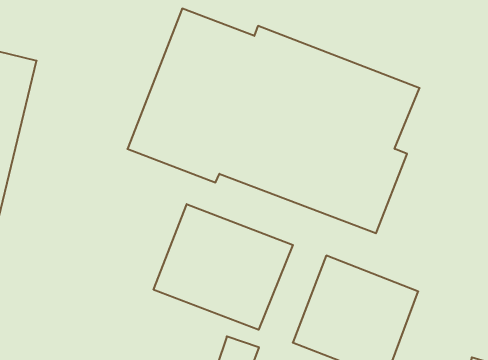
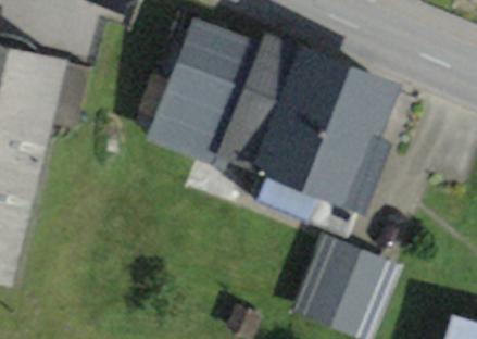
building: [154,204,293,330] -> none

